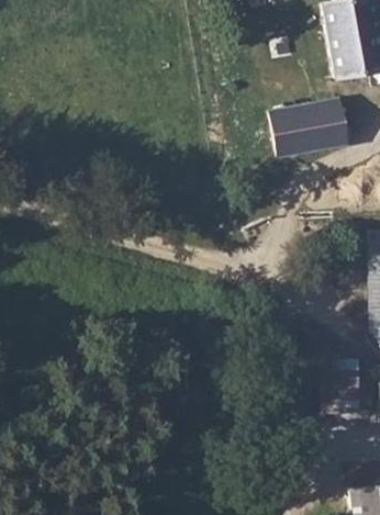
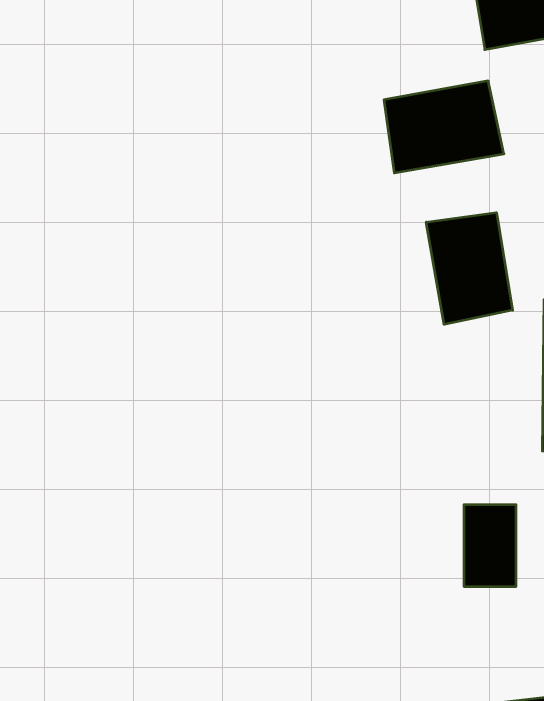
building: none -> [426,213,513,324]

